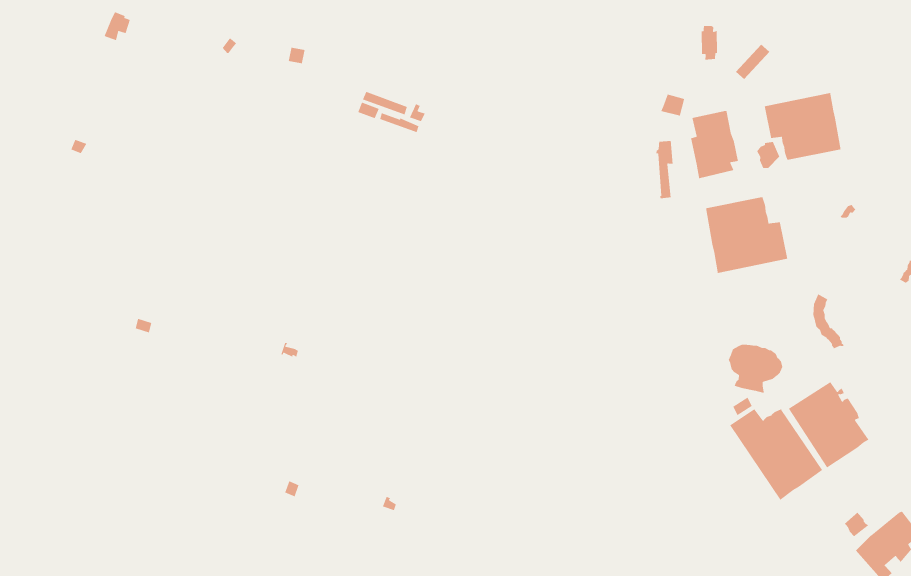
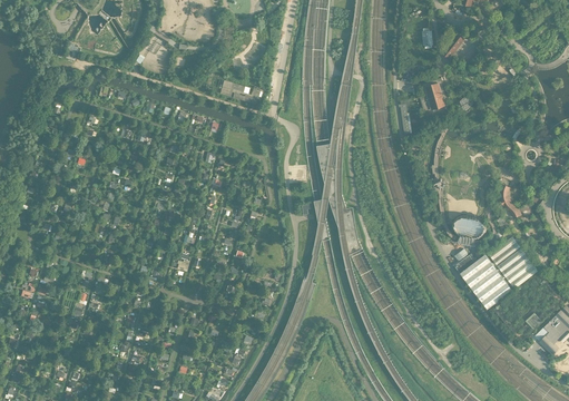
building: [764,92,841,162] -> none
building: [705,195,788,274] -> none

